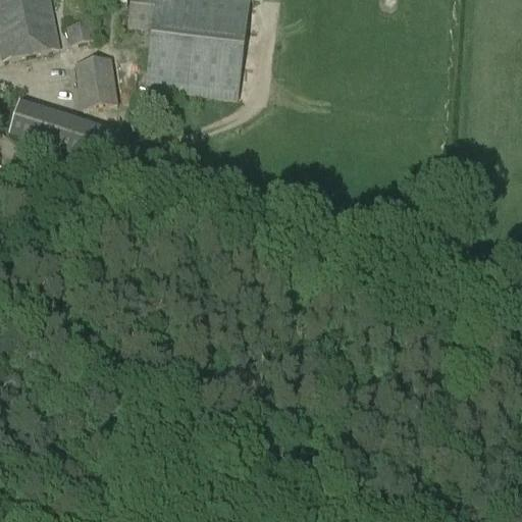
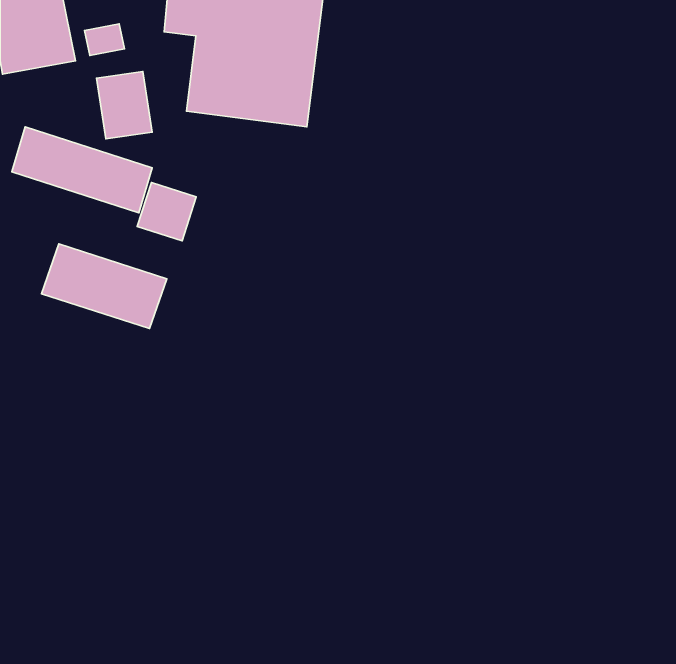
building: none -> [137,183,196,241]
building: none -> [41,244,167,329]

